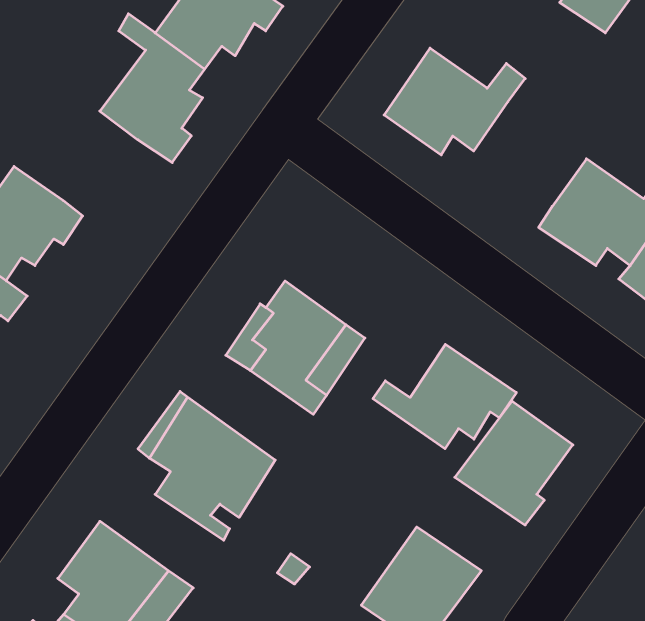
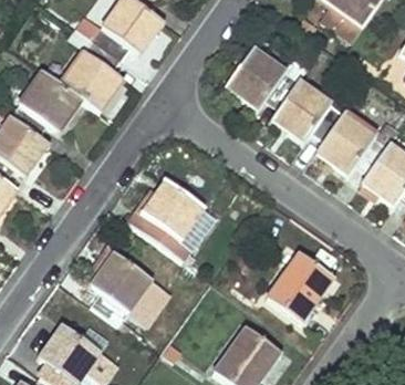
building: none -> [11,71,83,135]
building: none -> [270,77,343,141]
building: [373,344,516,449] -> none

